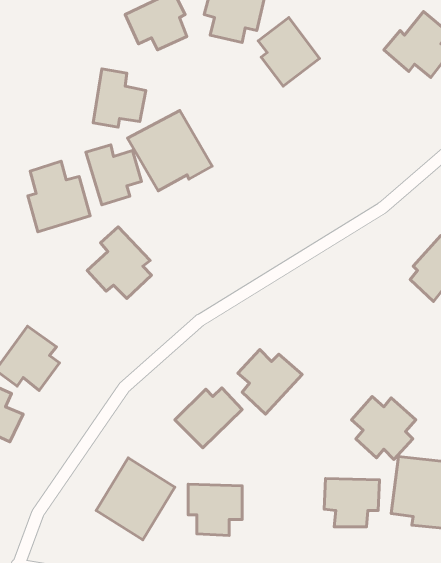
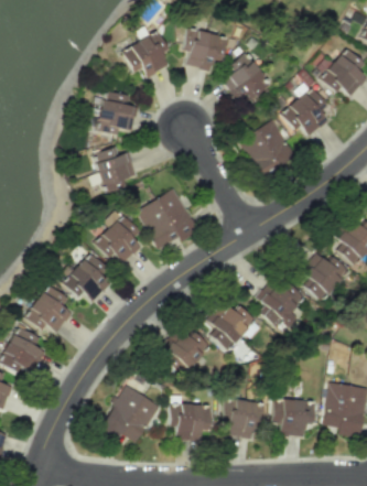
building: none -> [280,84,328,137]
building: none -> [239,120,295,177]
building: [127,110,212,191] -> [136,188,199,249]
building: [28,161,90,232] -> none
building: none -> [64,252,108,302]
building: none -> [298,255,347,302]
building: [352,397,416,459] -> [256,280,304,327]
building: none -> [223,399,265,438]

